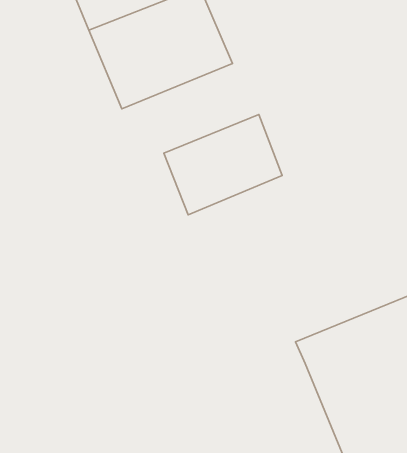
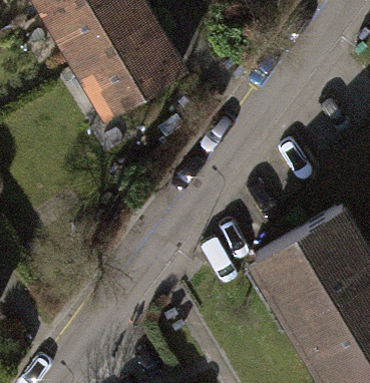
building: [164,115,282,215] -> none

